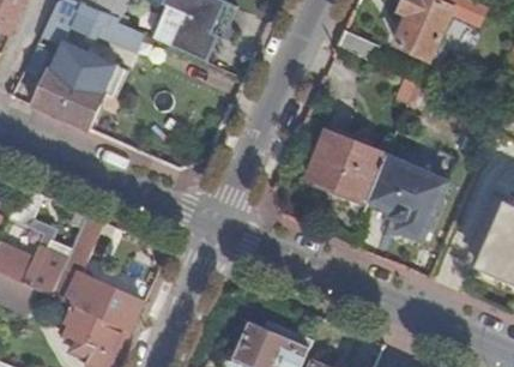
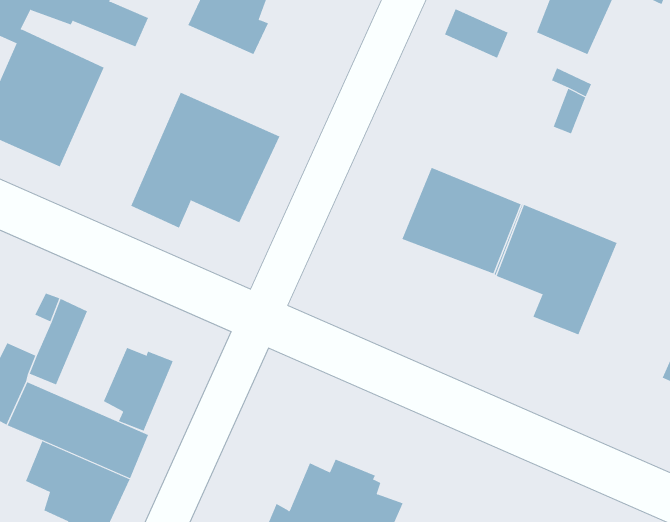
building: none -> [131,92,280,228]
building: none -> [103,347,173,431]

